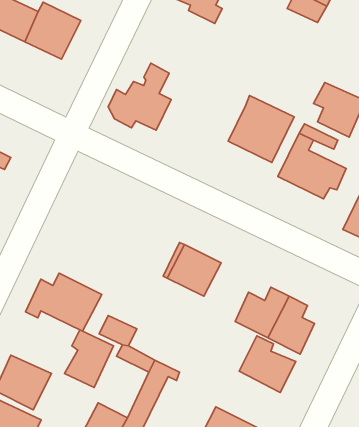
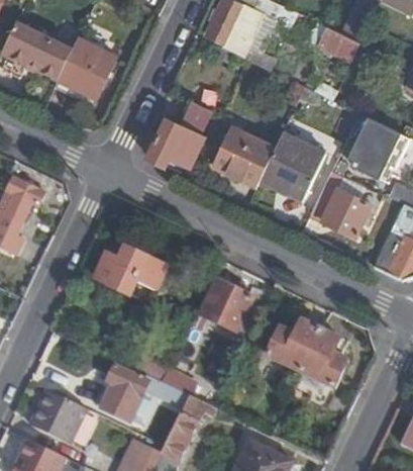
building: none -> [214,121,279,186]
building: [26,273,102,331] -> [92,247,168,304]
building: [239,336,296,393] -> none

